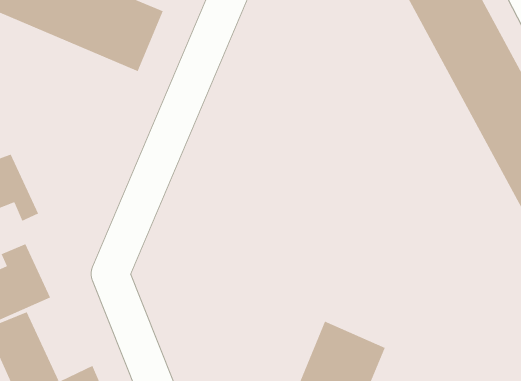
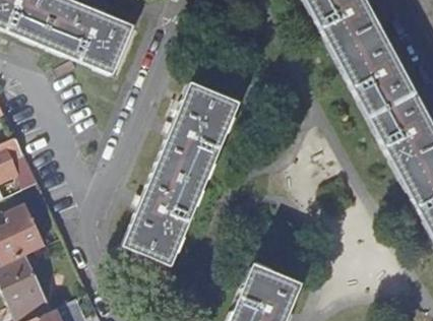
building: none -> [124,84,237,265]

